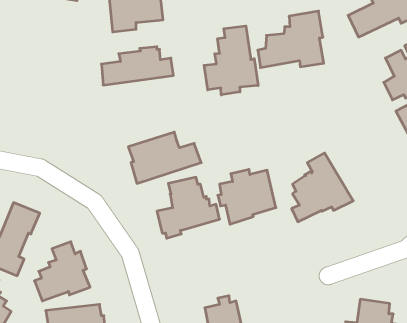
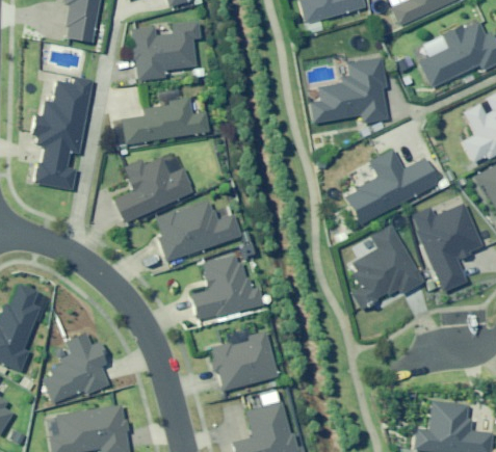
building: [204,26,258,95] -> none
building: none -> [36,79,96,191]
building: none -> [344,148,439,223]
building: none -> [112,153,197,223]
building: none -> [412,203,481,291]
building: [218,169,276,224] -> [209,330,279,396]

